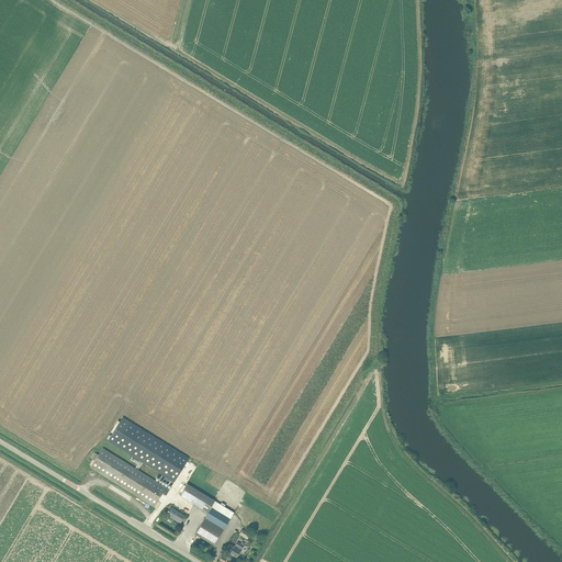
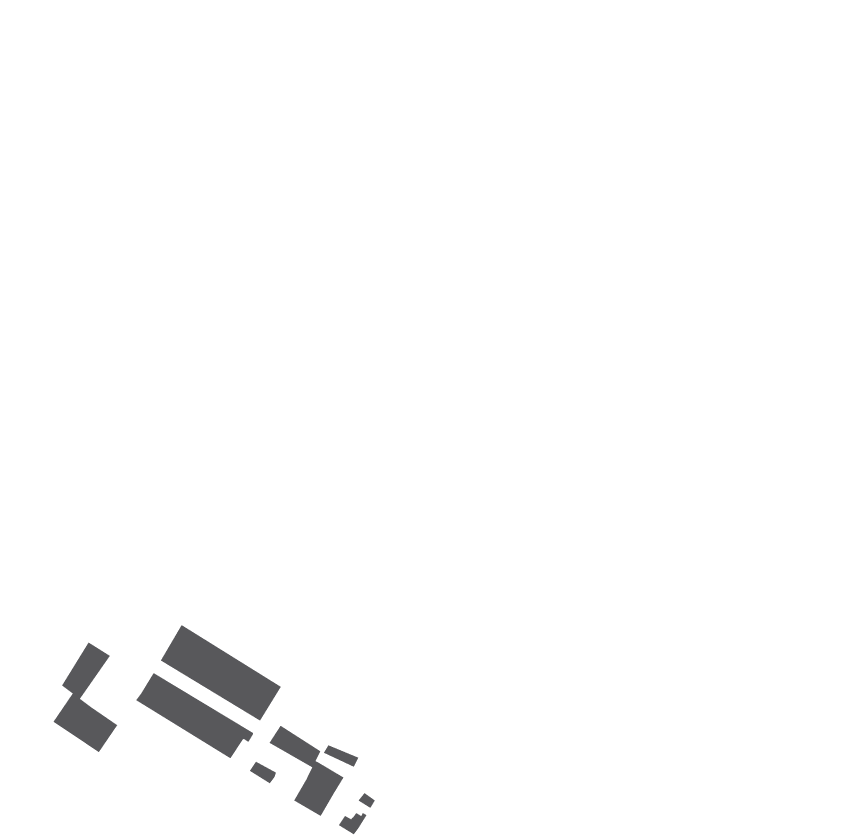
building: none -> [53,642,118,753]

